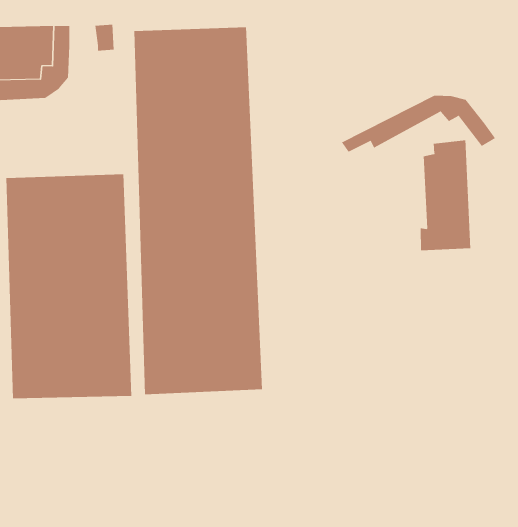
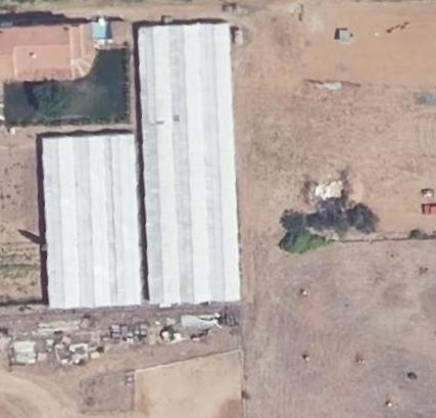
building: [341,95,496,153] -> none
building: [420,140,471,251] -> none

